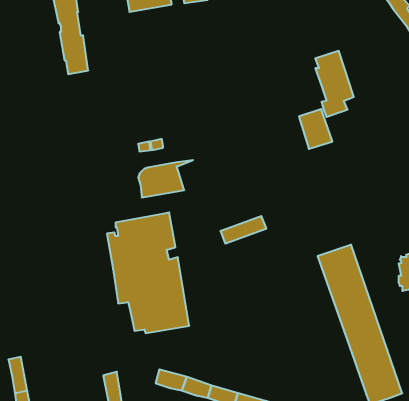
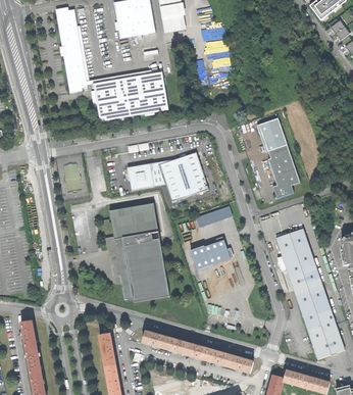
building: [315,51,354,117] -> [266,143,298,197]
building: none -> [92,70,167,120]
building: none -> [158,151,207,200]
building: none -> [189,236,232,268]

